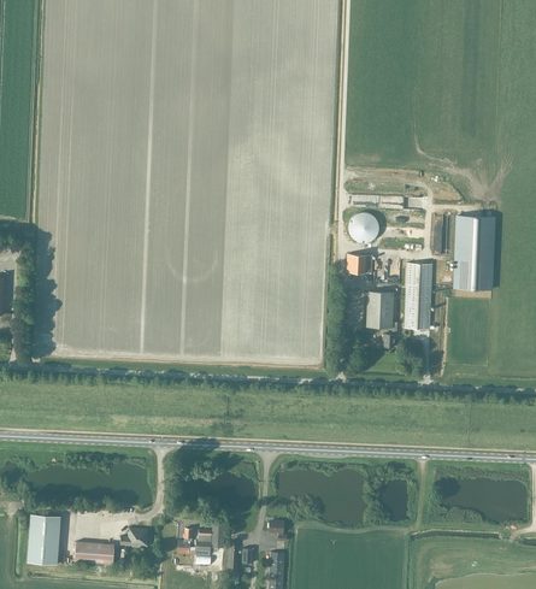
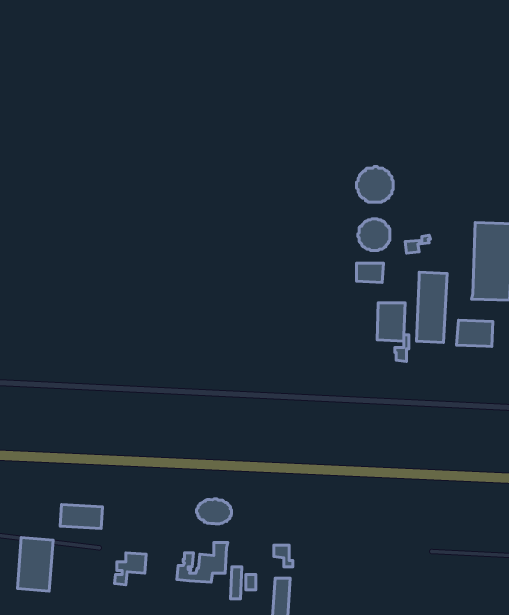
building: none -> [357,167,393,202]
building: none -> [457,320,493,347]
building: none -> [196,499,232,524]
building: [75,541,114,564] -> [60,504,102,529]

